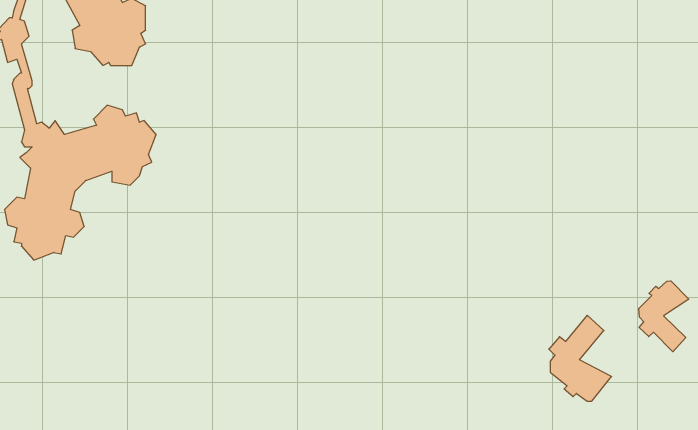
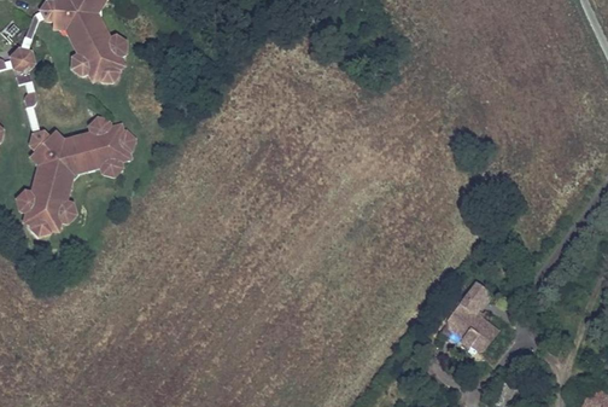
building: [639,281,689,352] -> none

